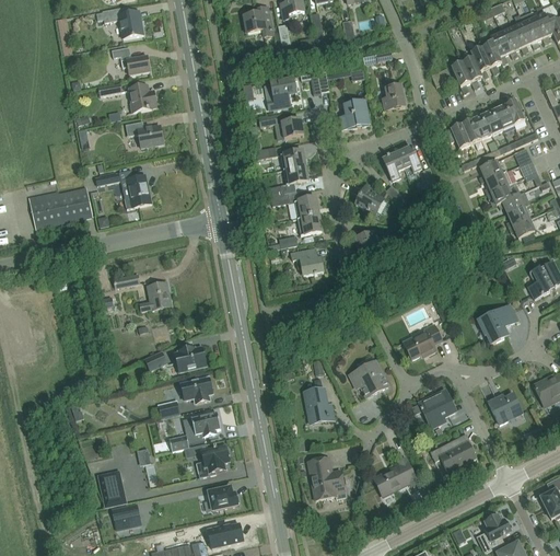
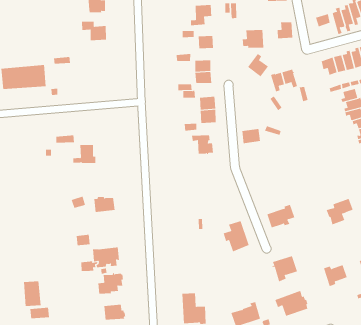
building: [122,174,152,207] -> none
building: [355,183,384,213] -> [247,53,269,77]
building: [182,377,212,402] -> none
building: [304,387,334,419] -> none

